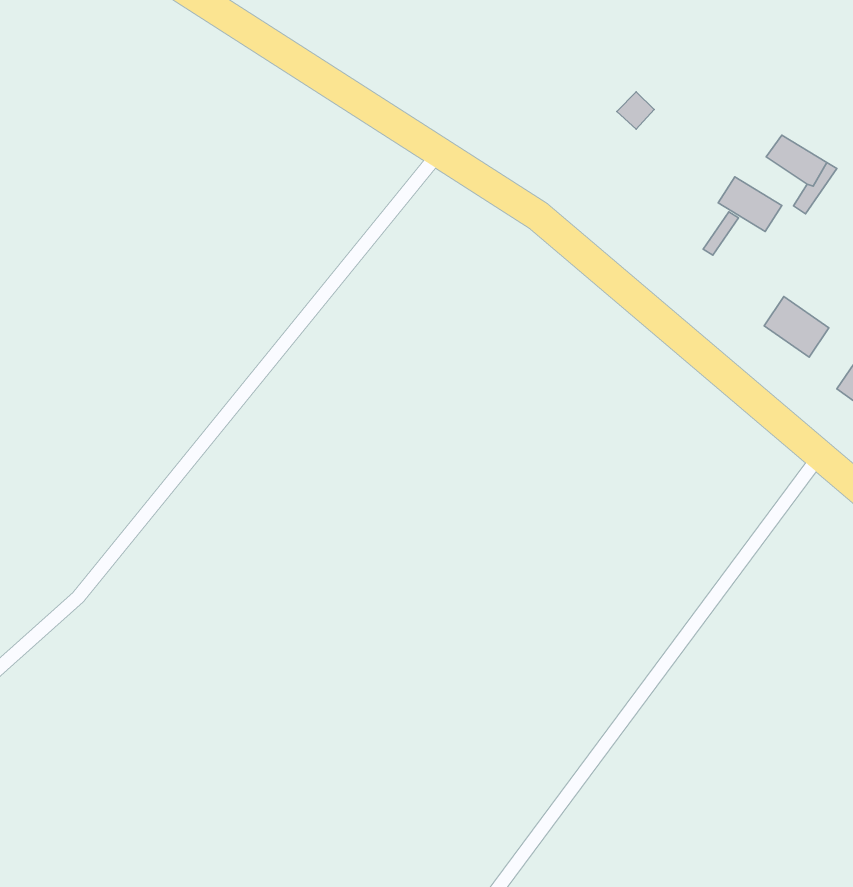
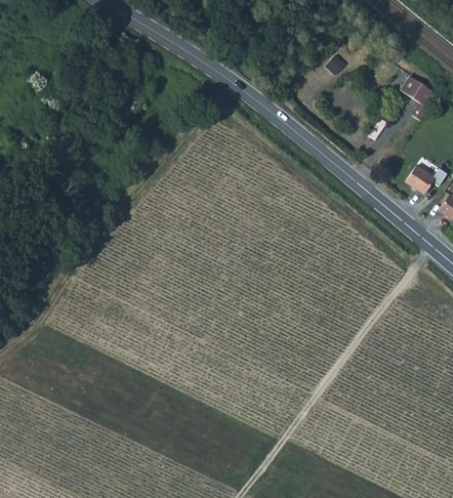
building: [718,177,782,232] -> none

